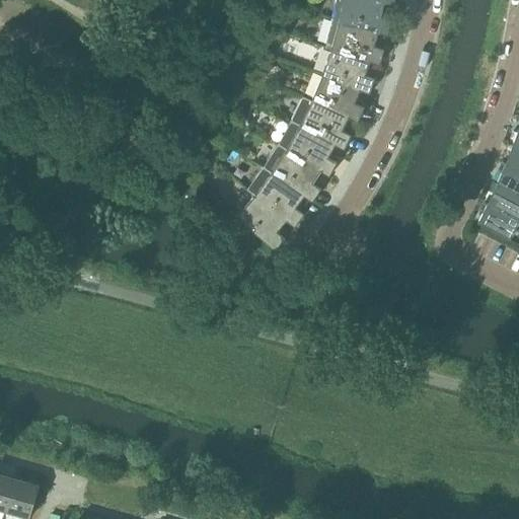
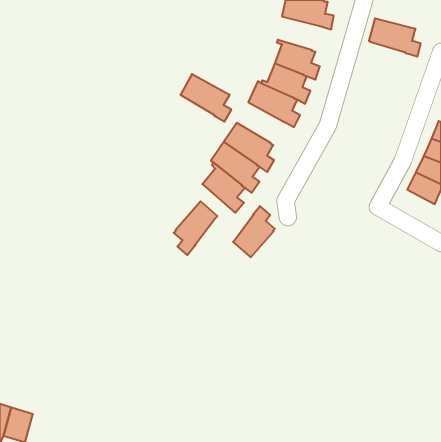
building: [323,19,384,64] -> [369,18,421,57]
building: [278,120,338,175] -> [180,74,231,122]
building: none -> [174,201,217,255]
building: none -> [233,206,275,257]

